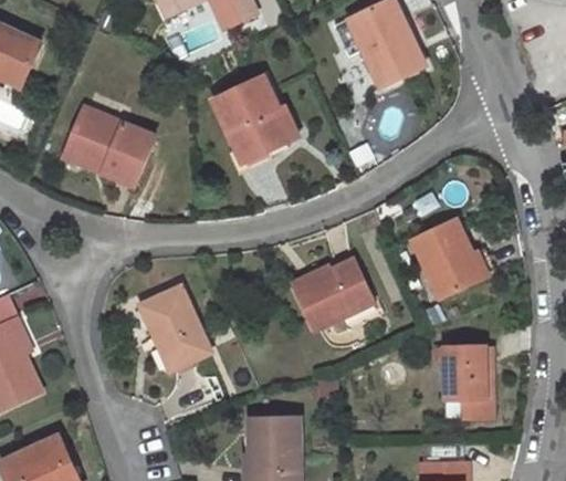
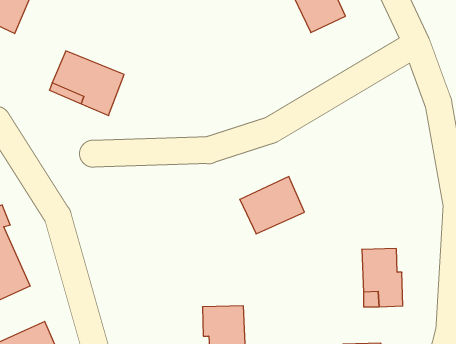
building: [213,77,291,163] -> none
building: [411,218,482,299] -> none
building: [140,287,209,369] -> none

